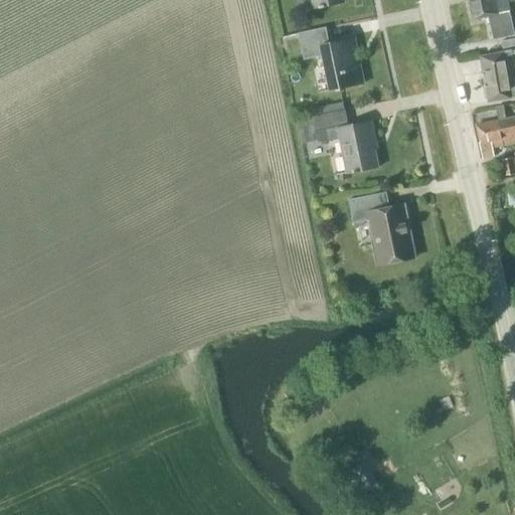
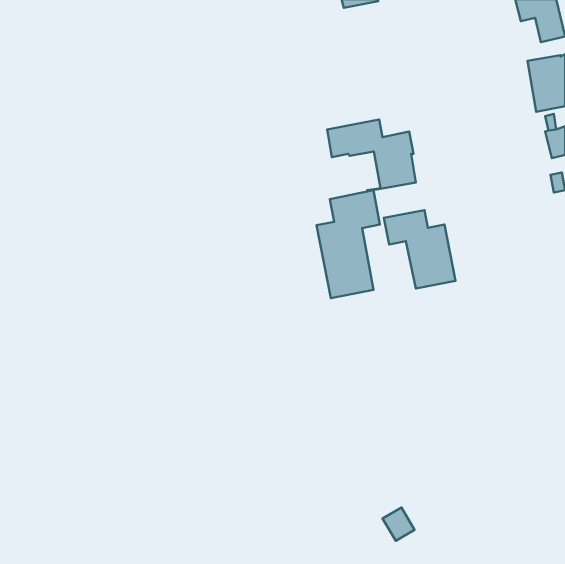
building: [298,27,364,93] -> none
building: [476,120,502,158] -> none
building: none -> [316,190,380,298]

